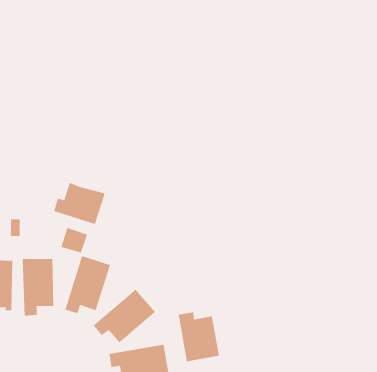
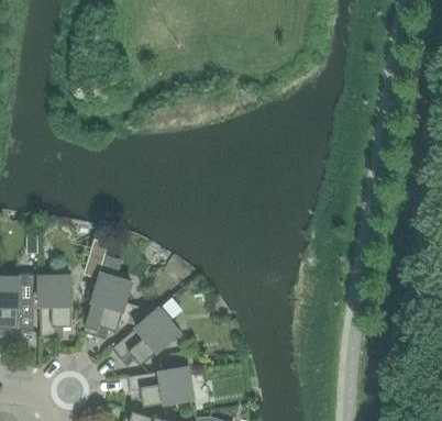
building: [53,182,105,225] -> none
building: [178,312,220,362] -> none

